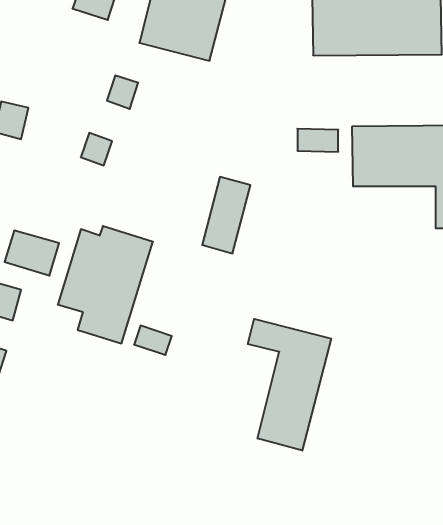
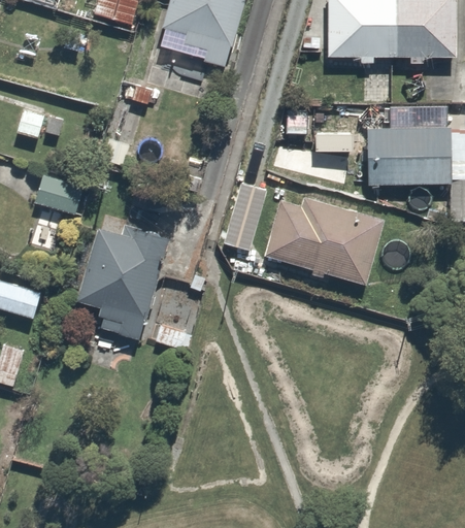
building: none -> [261,192,386,283]
building: [5,231,59,276] -> [33,172,87,217]
building: [248,319,331,451] -> none

